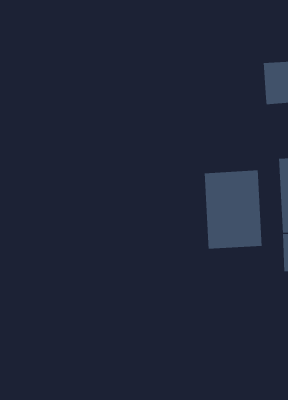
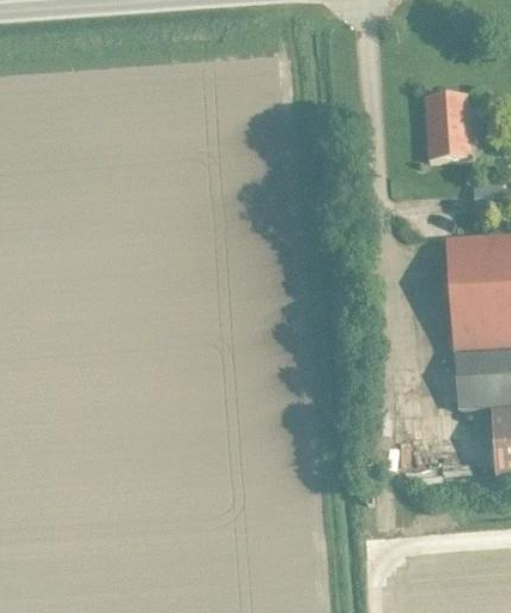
building: [204,170,262,250] -> none

